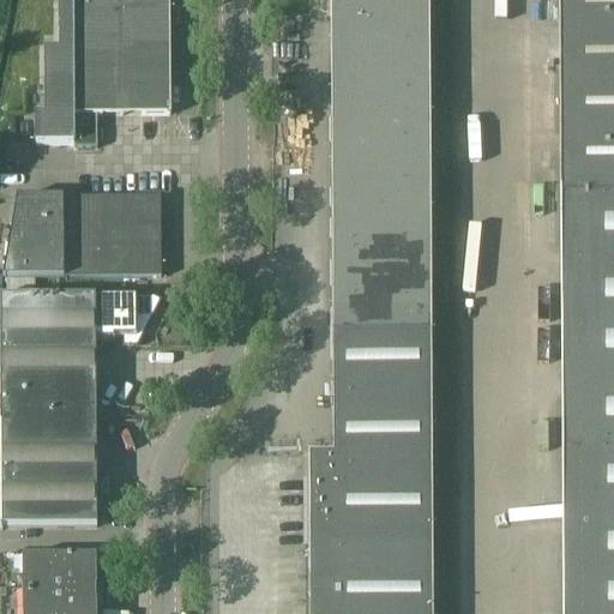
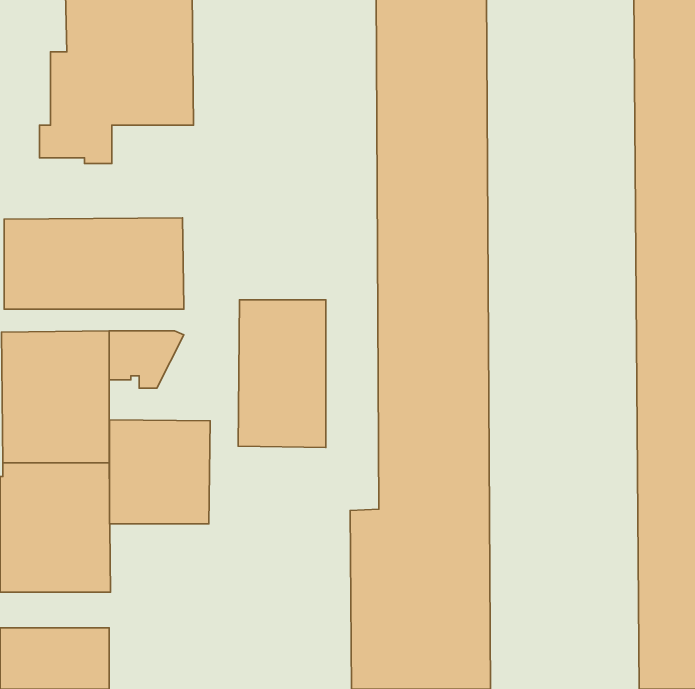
building: none -> [238,300,326,448]
building: none -> [110,420,210,524]

